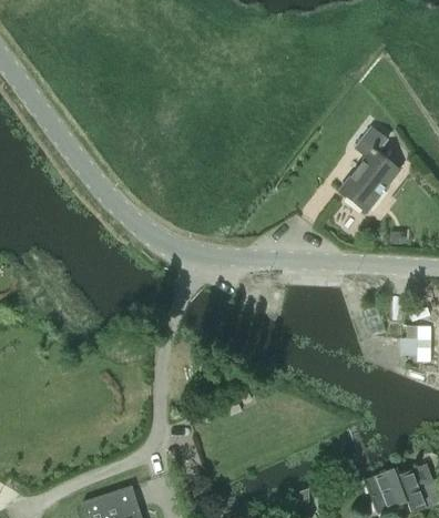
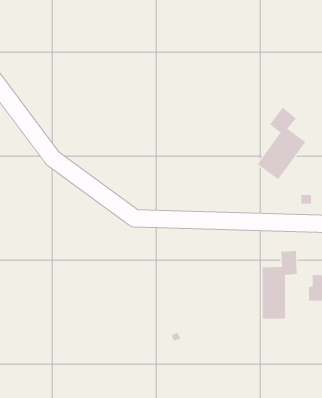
building: none -> [262,250,297,319]

